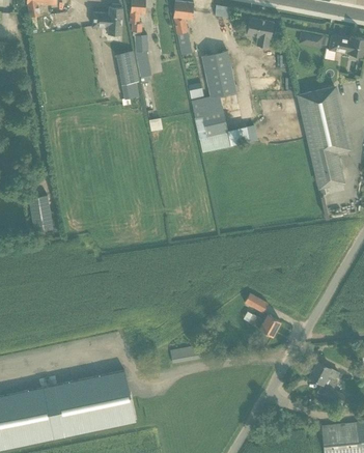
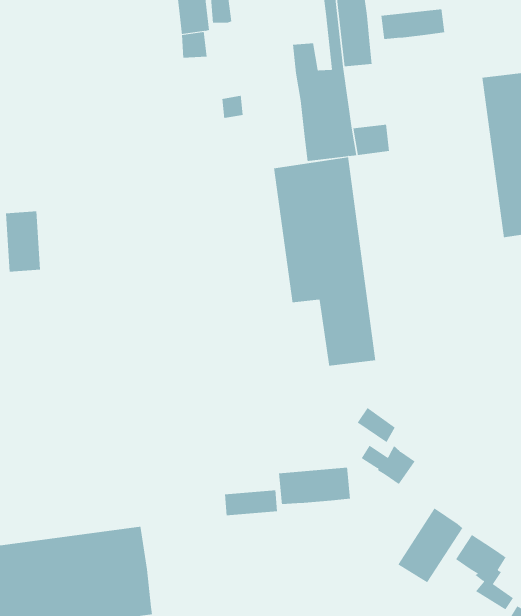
building: none -> [381,8,445,40]
building: none -> [274,156,376,366]
building: none -> [279,467,350,505]
building: none -> [398,507,463,583]

